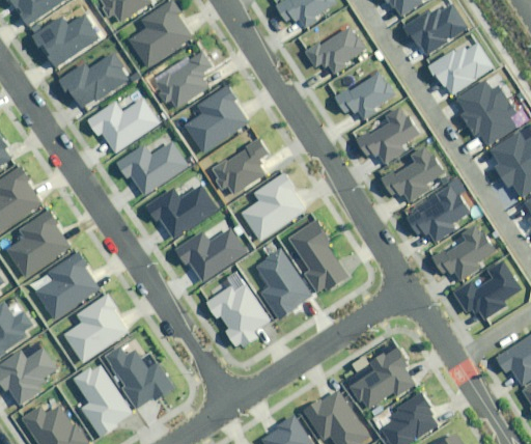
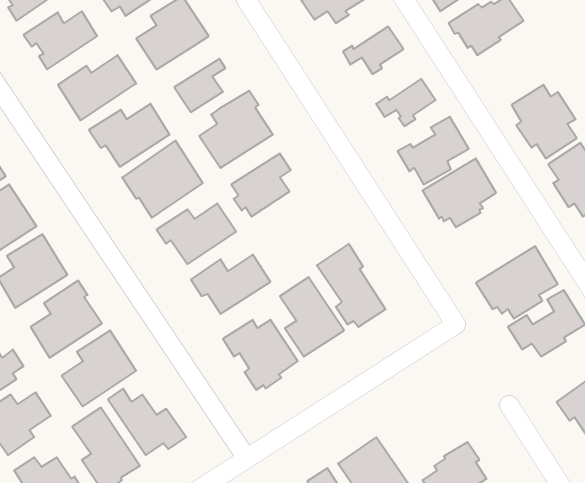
building: [425,44,492,94] -> none
building: [242,174,306,241] -> none
building: [402,182,472,245] -> none
building: [350,349,415,411] -> none

